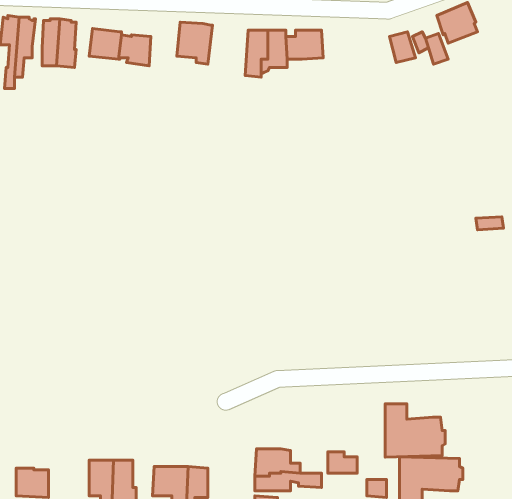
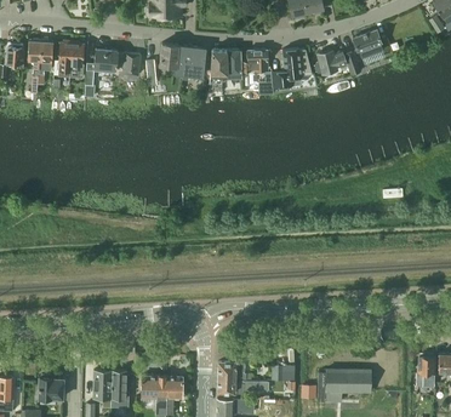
building: none -> [182,46,205,81]
building: none -> [272,48,313,85]
building: [385,404,445,457] -> none

